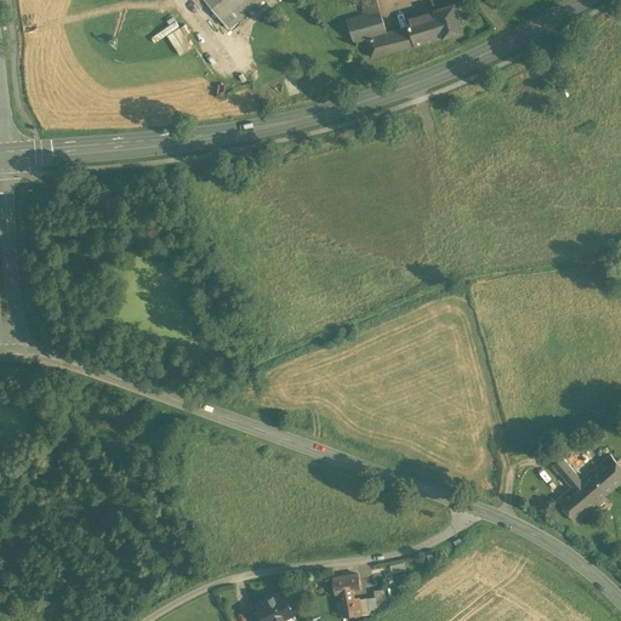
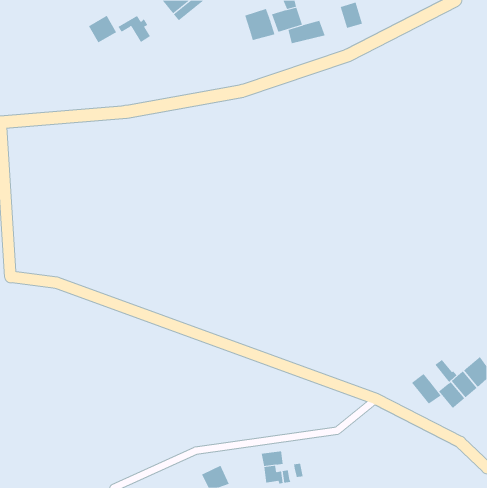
building: [401,8,440,45] -> none
building: none -> [244,8,275,41]
building: none -> [88,15,117,43]
building: none -> [411,373,442,405]

